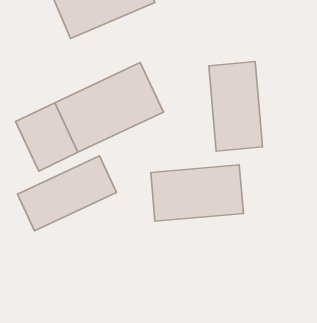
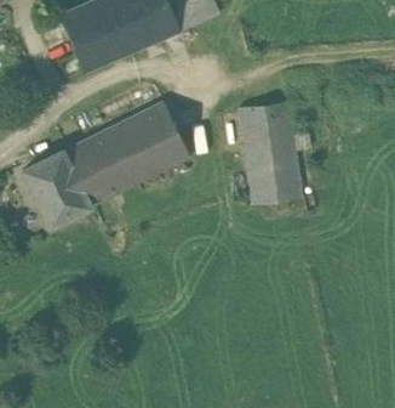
building: [17,156,116,231] -> none
building: [151,165,243,221] -> none

